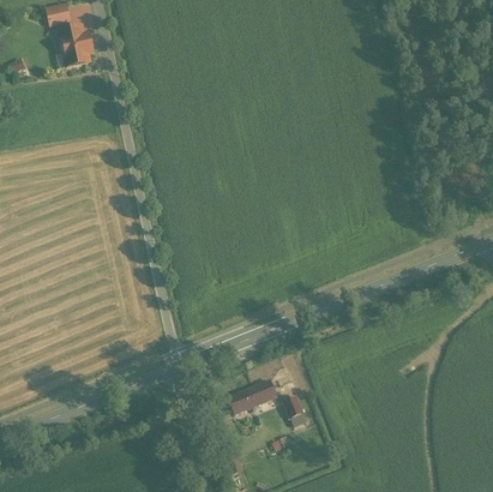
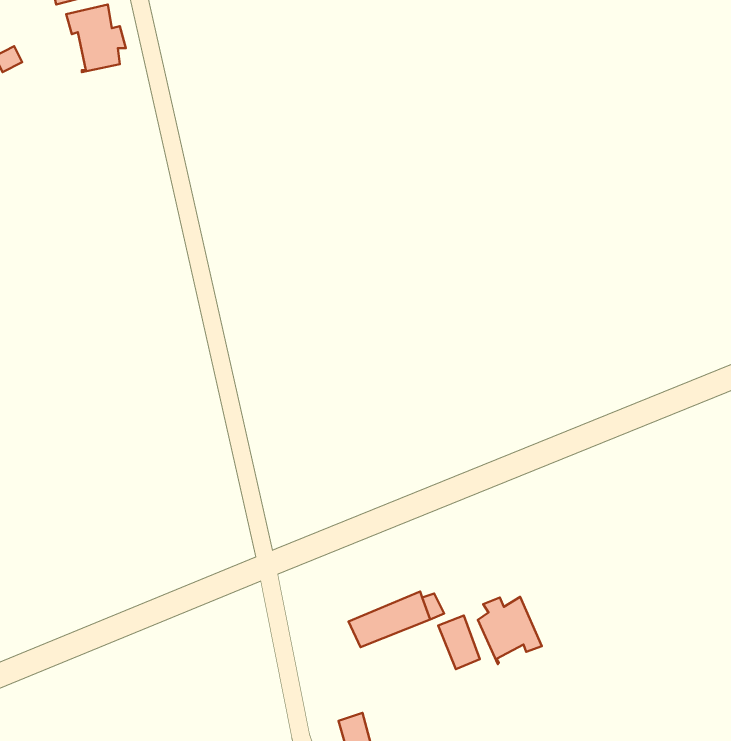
building: none -> [478,597,542,664]

